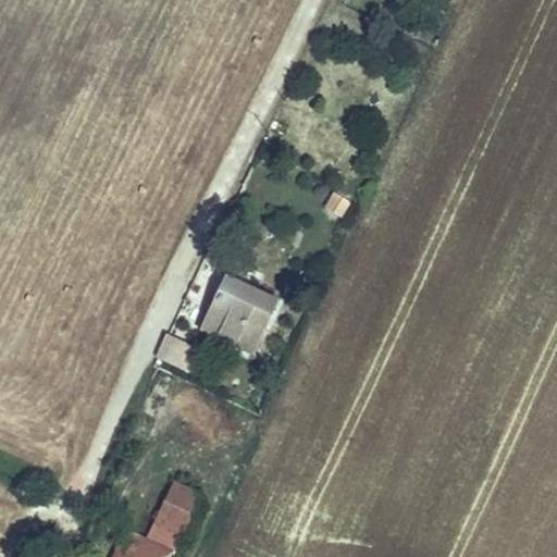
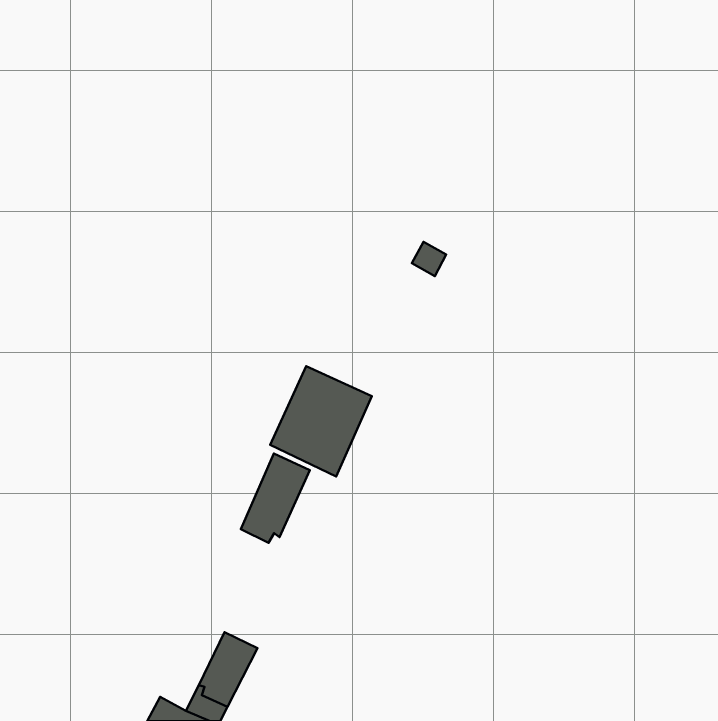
building: none -> [241,453,310,543]

